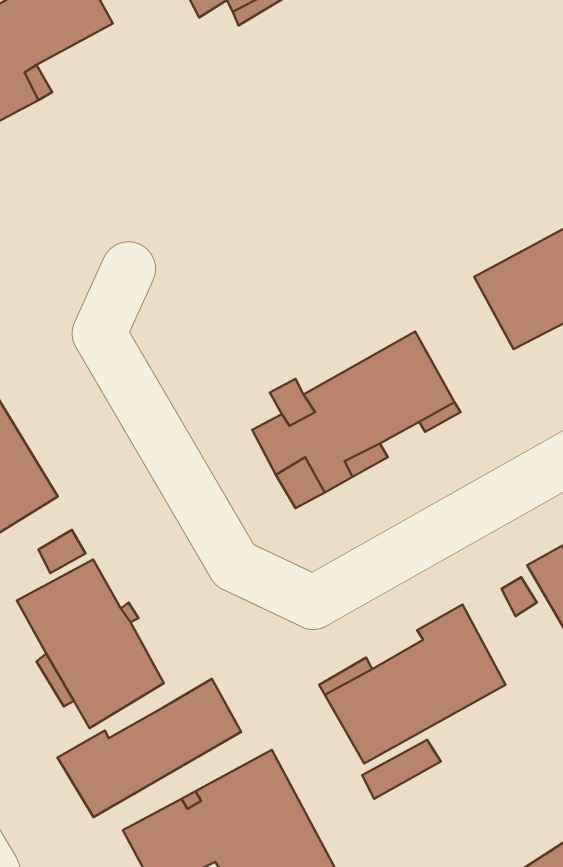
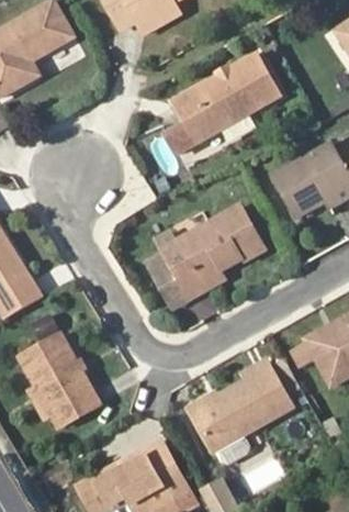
building: none -> [166,54,282,155]
building: [57,679,241,817] -> none

